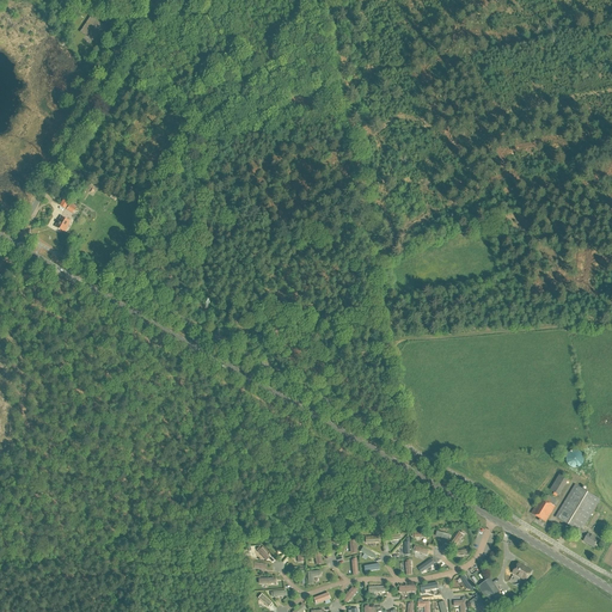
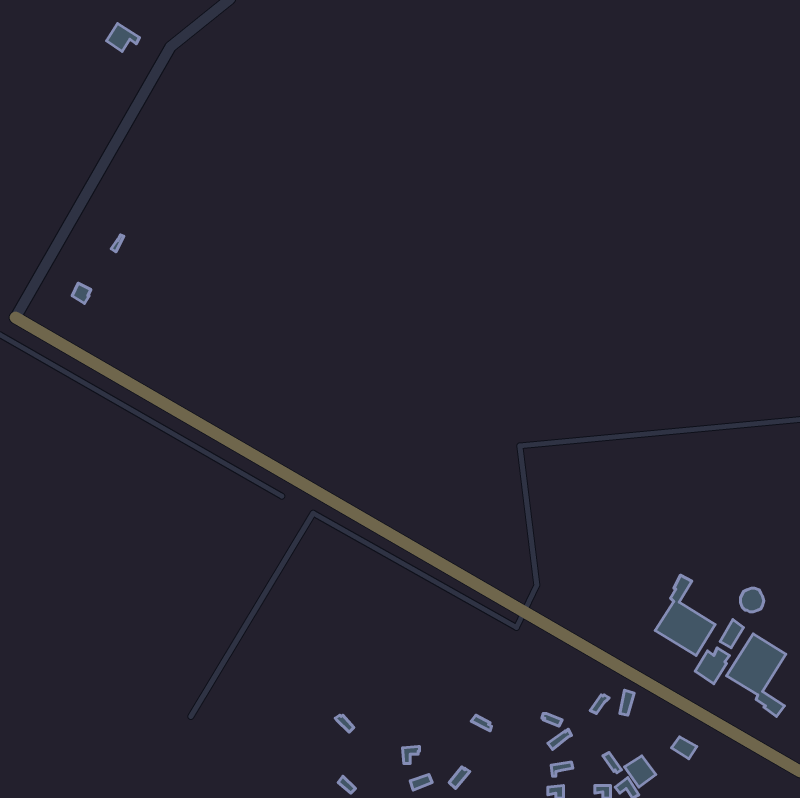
building: none -> [655,575,715,655]

